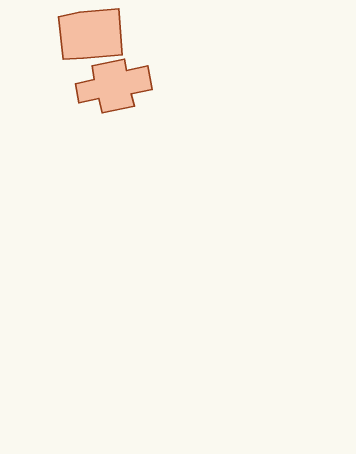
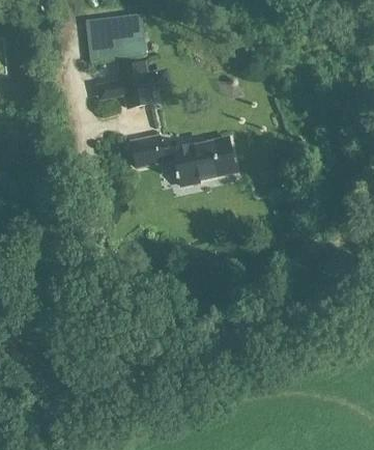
building: none -> [130,135,235,188]

